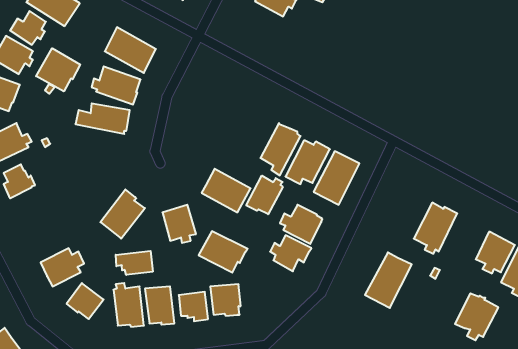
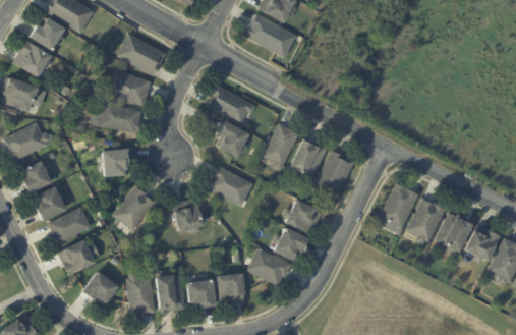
building: none -> [243,13,290,54]
building: [36,48,80,91] -> none
building: none -> [209,83,256,123]
building: none -> [216,121,248,156]
building: none -> [103,149,128,176]
building: [246,176,283,214] -> none
building: none -> [37,187,64,221]
building: none -> [48,208,89,244]
building: [199,231,248,273] -> [247,247,293,286]
building: [116,251,153,275] -> none
building: [365,252,412,308] -> [377,182,420,234]
building: [455,293,498,340] -> [435,212,475,256]

